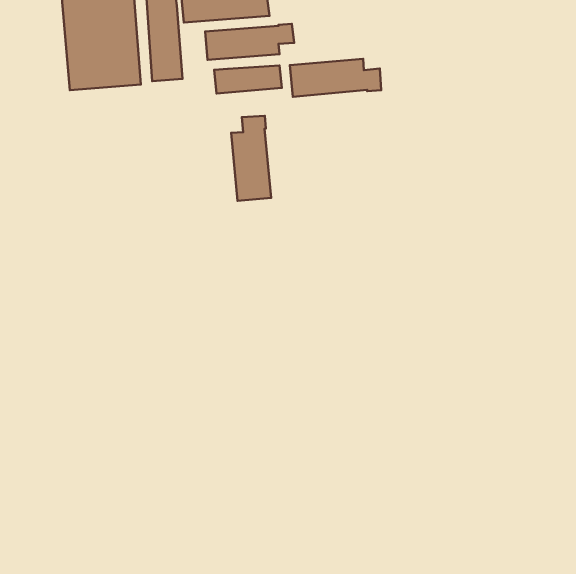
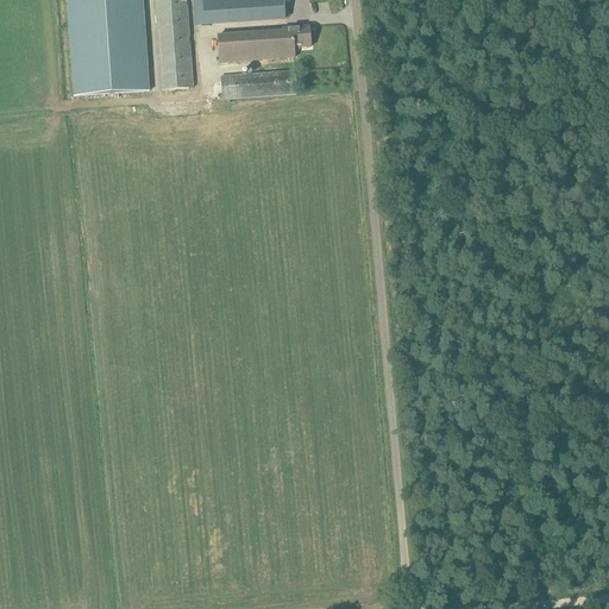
building: [290,59,381,97] -> none
building: [231,116,271,201] -> none

